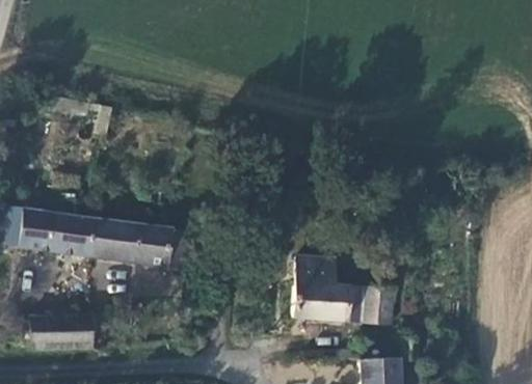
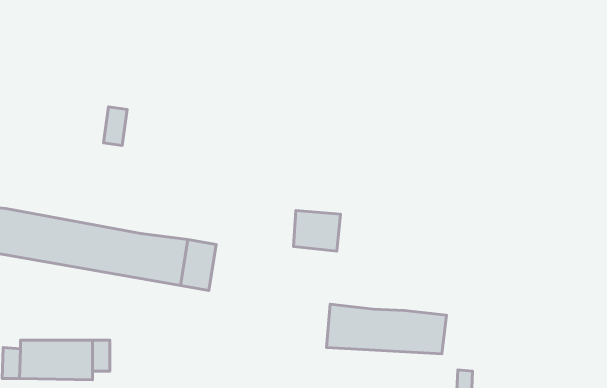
building: [293,254,332,289] -> [293,210,340,251]

